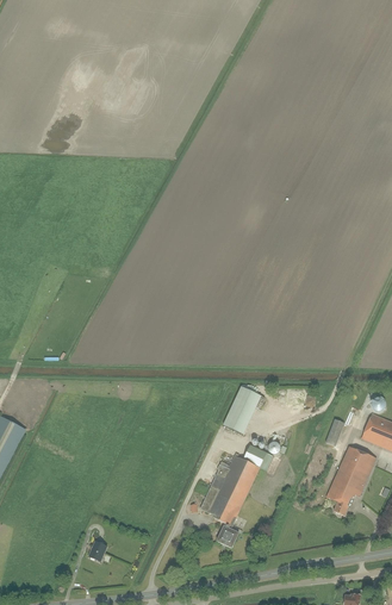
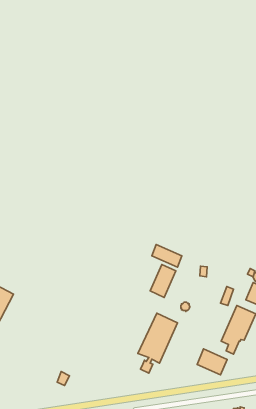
building: none -> [152,245,182,267]
building: none -> [197,349,227,375]

